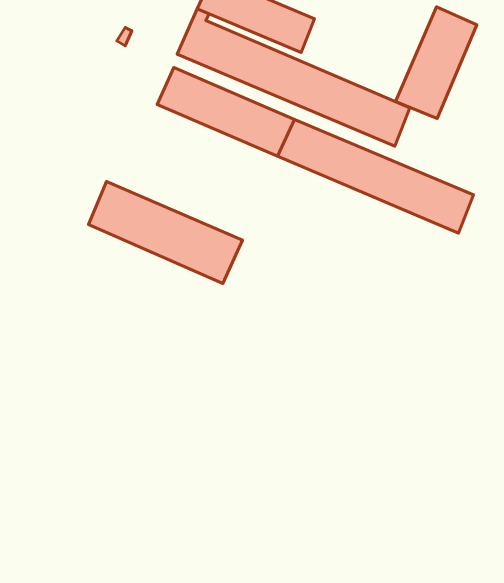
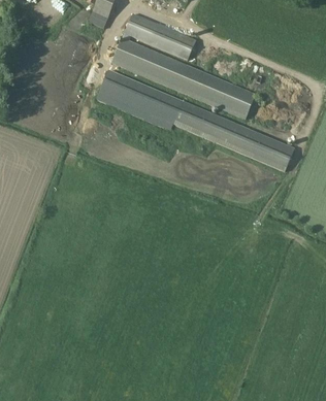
building: [395,7,477,119] -> none
building: [89,181,243,283] -> none

